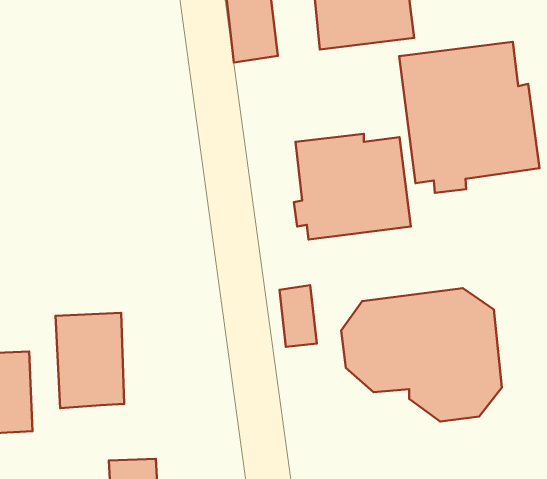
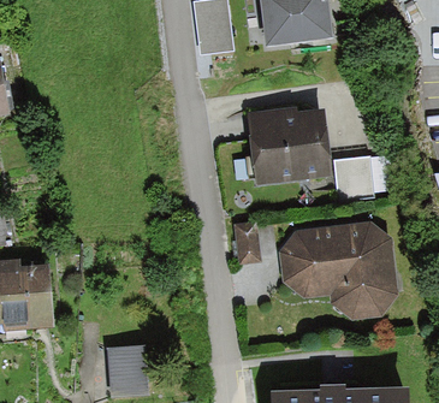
building: [399,42,540,193] -> none
building: none -> [333,158,372,202]
building: [55,313,124,408] -> none

